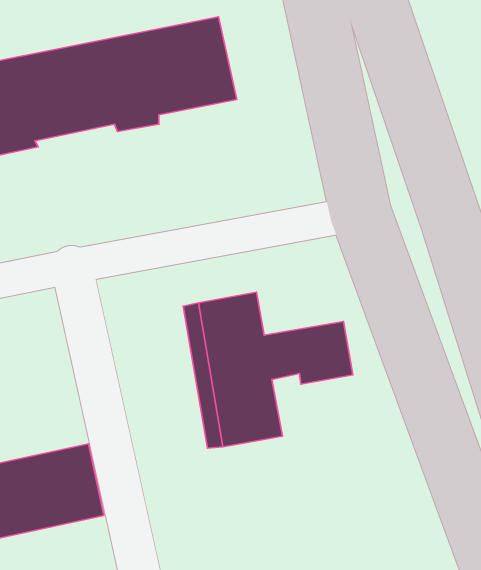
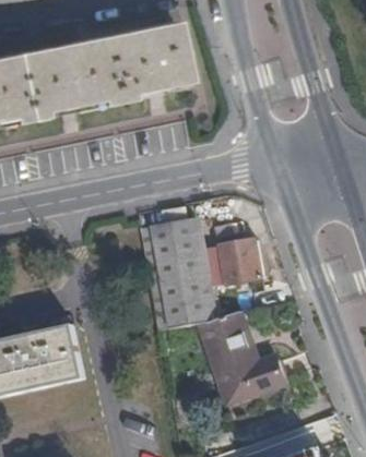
building: none -> [203,315,288,408]

